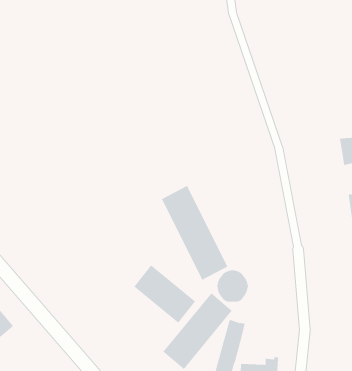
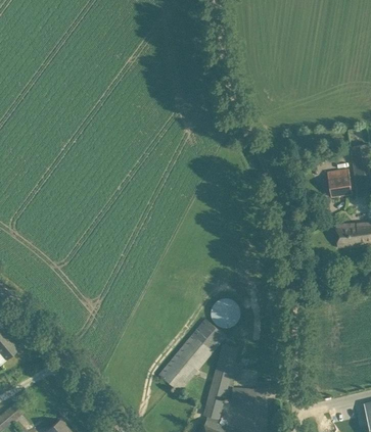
building: [161,185,228,280] -> none
building: [133,264,196,323] -> none

